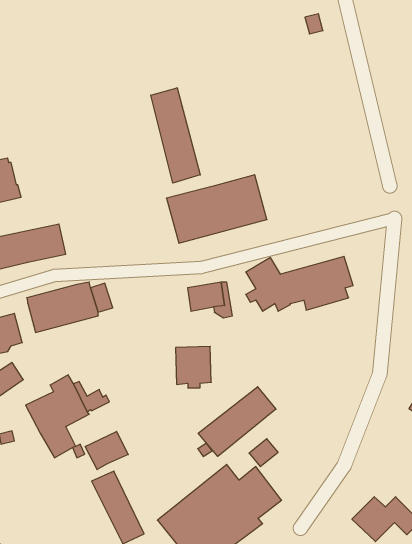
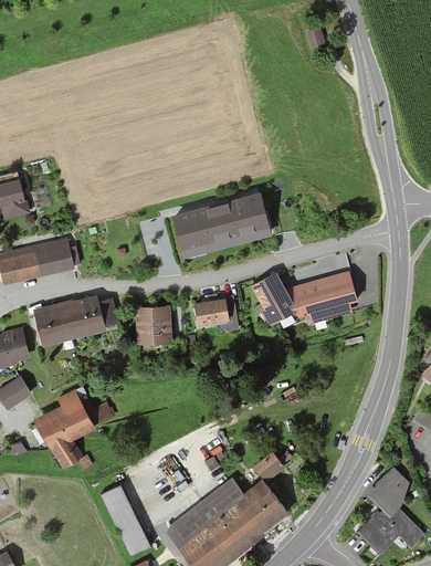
building: [151,88,200,183] -> none
building: [176,346,211,388] -> [136,307,171,348]
building: [198,387,276,456] -> none
building: [85,431,128,470] -> none
building: none -> [365,468,408,520]

